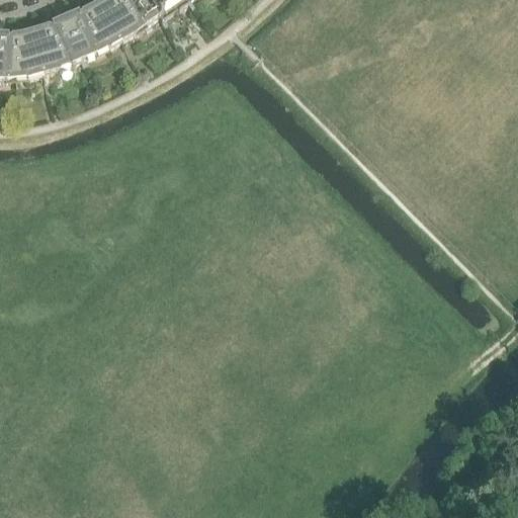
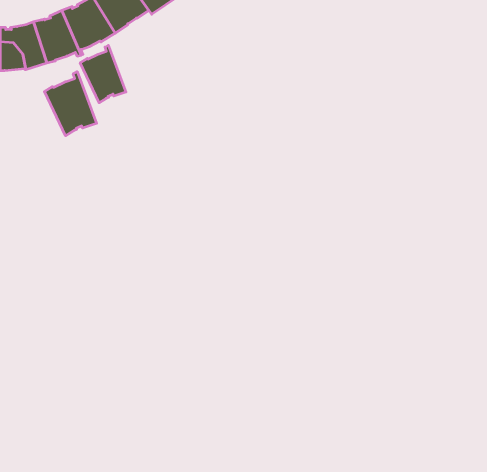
building: none -> [80,45,126,103]
building: none -> [44,72,97,136]

